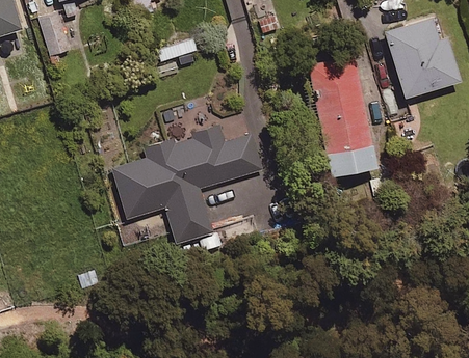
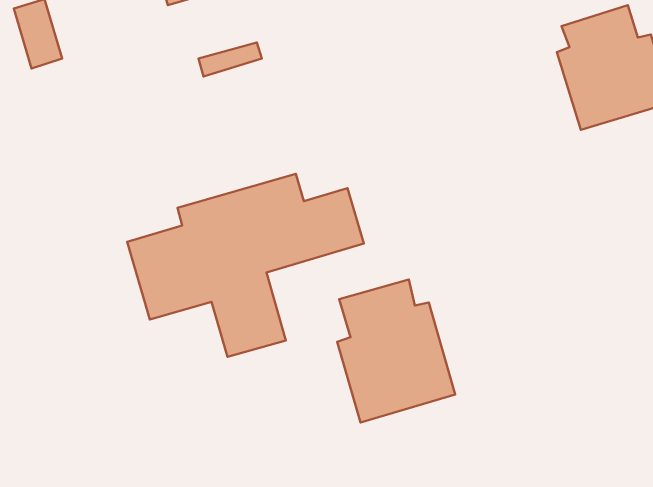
building: [307,57,375,171] -> none
building: none -> [337,280,455,423]

